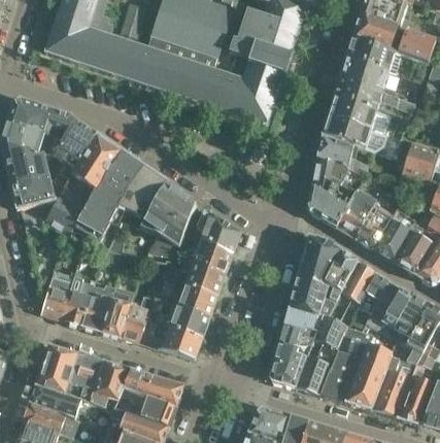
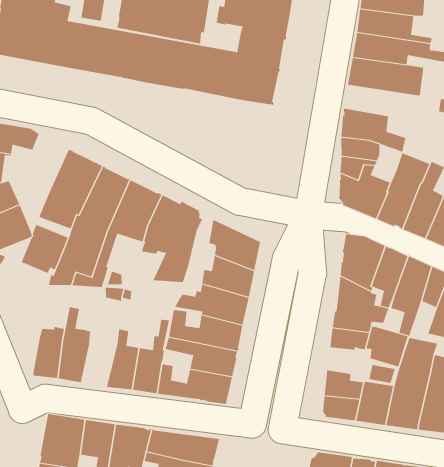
building: [323,115,388,152] -> none
building: [54,120,96,177] -> none
building: [79,282,115,331] -> none
building: [278,325,316,348] -> none

